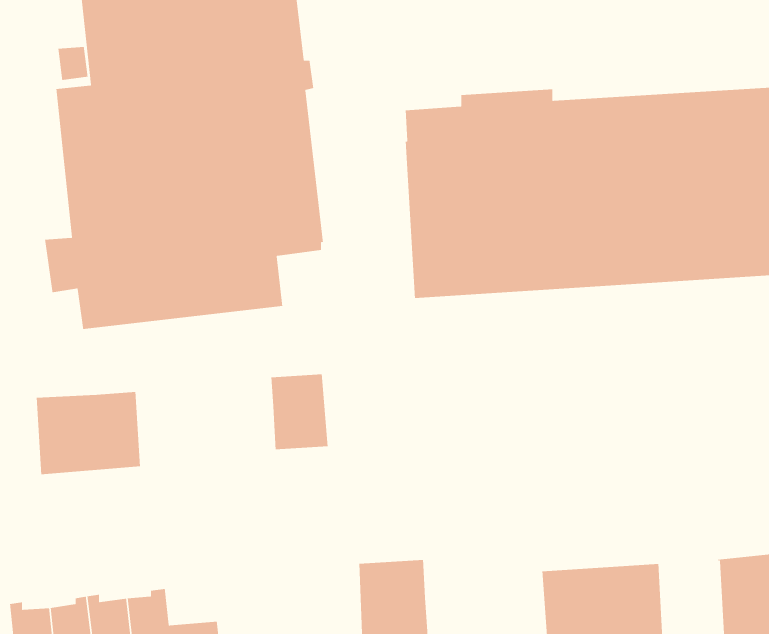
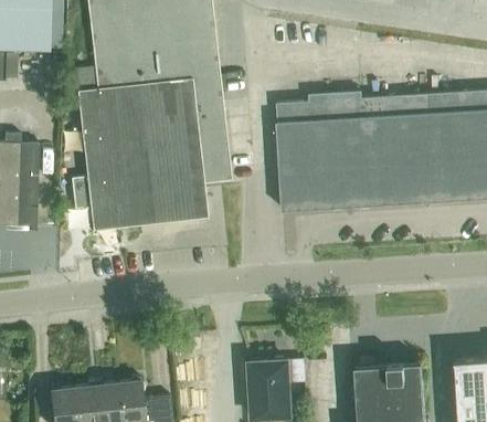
building: [270,374,329,450] -> none
building: [36,391,141,475] -> none

